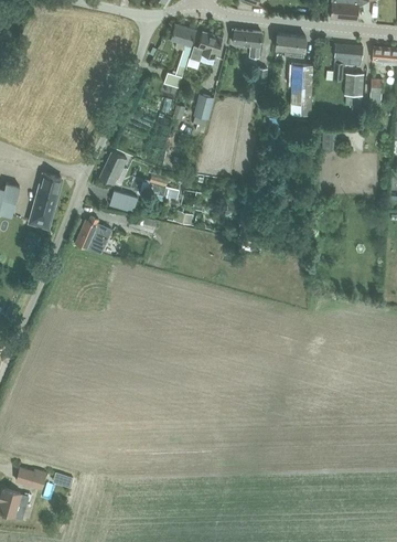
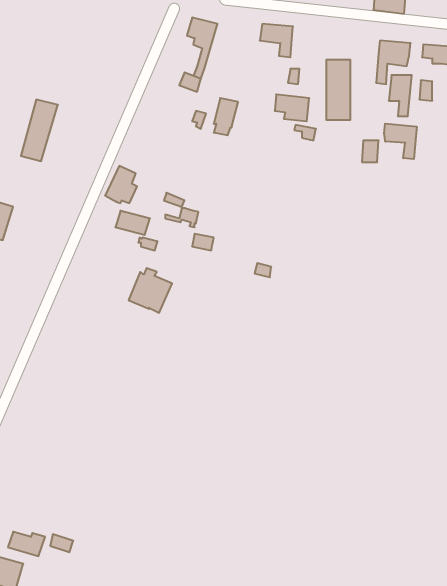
building: [190,32,223,65] -> none
building: [276,34,305,57] -> [275,94,309,121]
building: none -> [384,124,417,159]
building: [30,174,62,227] -> [21,100,58,161]
building: [75,216,112,255] -> [129,268,172,313]

